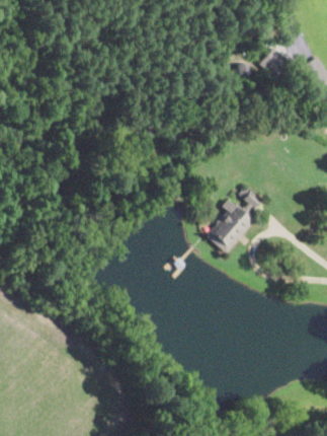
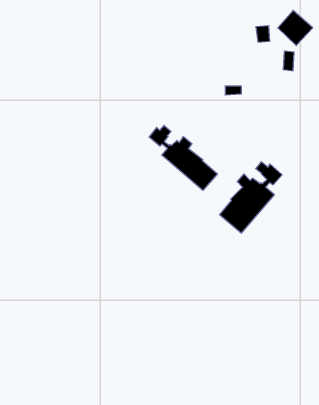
building: none -> [149,125,217,190]

